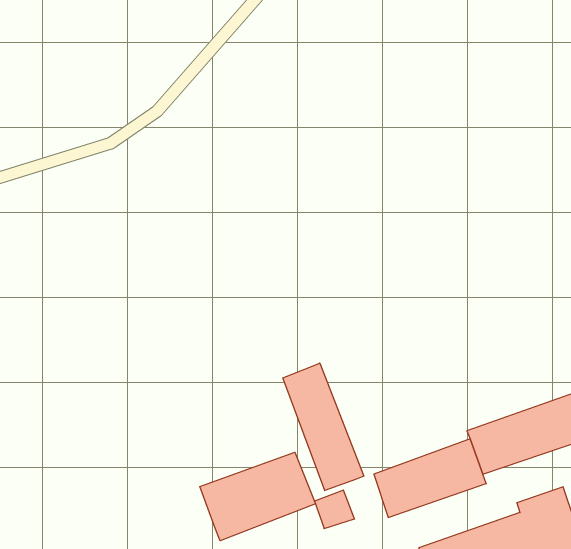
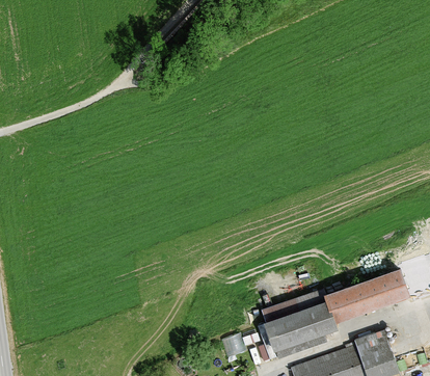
building: [283,363,364,491] -> none
building: [200,452,315,541] -> none

